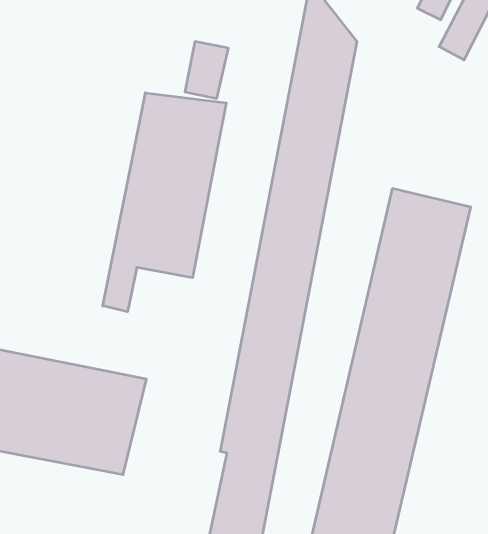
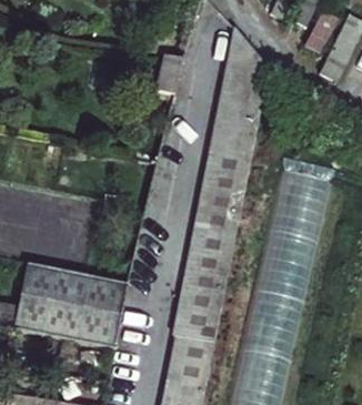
building: [103,93,226,312] -> none

